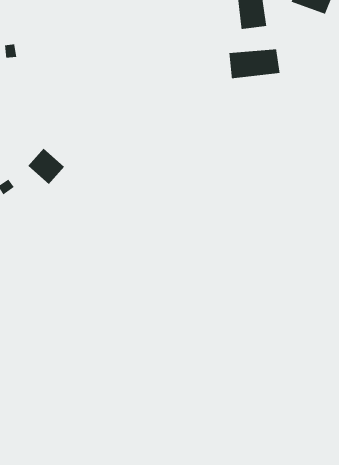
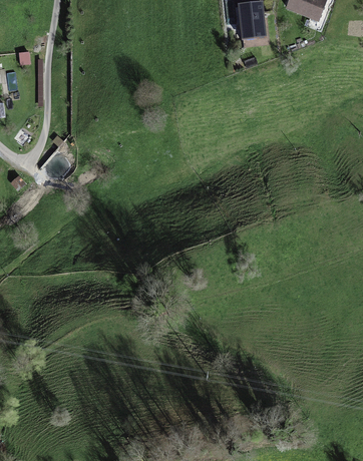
building: [229,48,281,79] -> none

